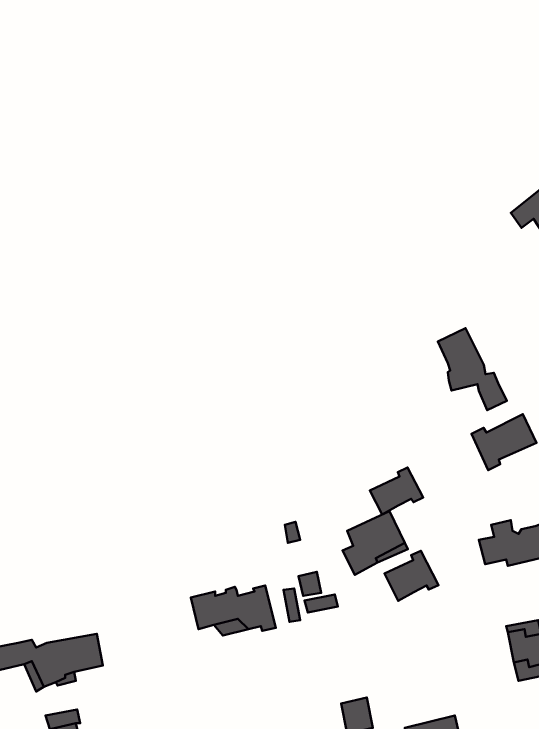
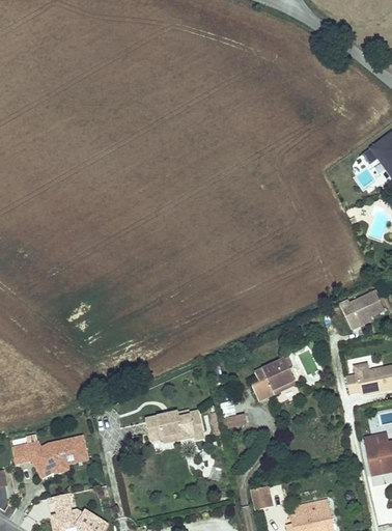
building: [438,328,507,410] -> none
building: [370,467,423,515] -> none
building: [385,551,438,601] -> none

